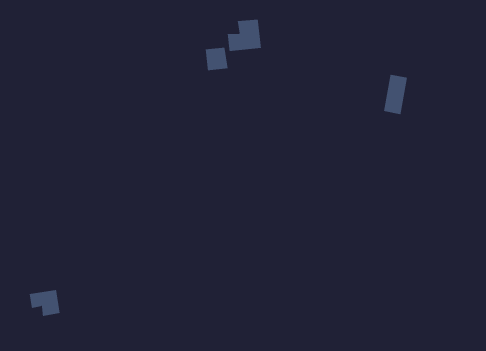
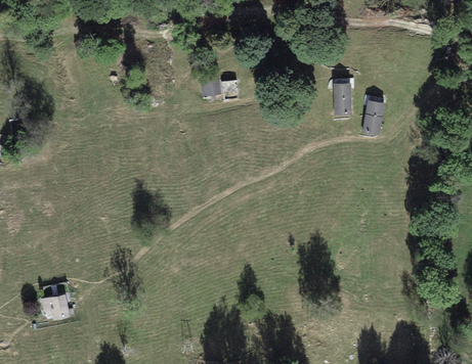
building: [227,19,262,52] -> none
building: none -> [333,83,351,116]

